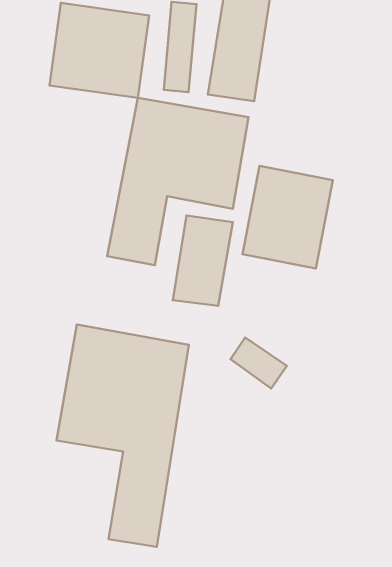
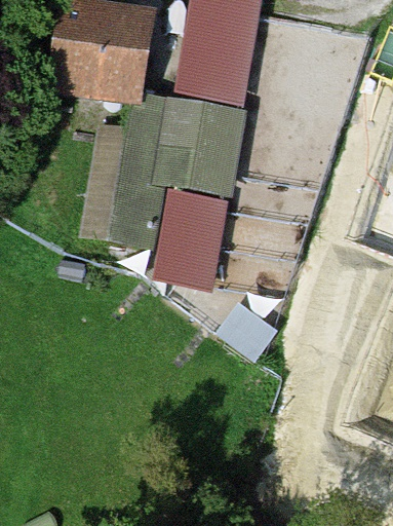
building: [243,166,333,269] -> none
building: [57,324,189,547] -> none

